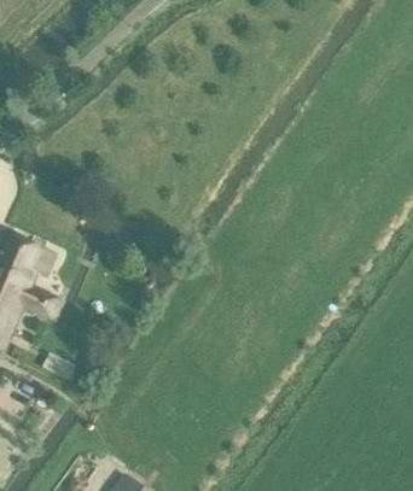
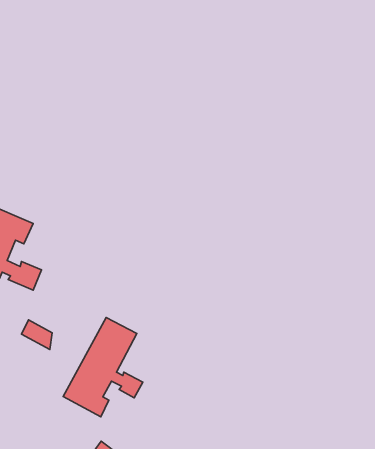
building: none -> [63,317,143,417]

